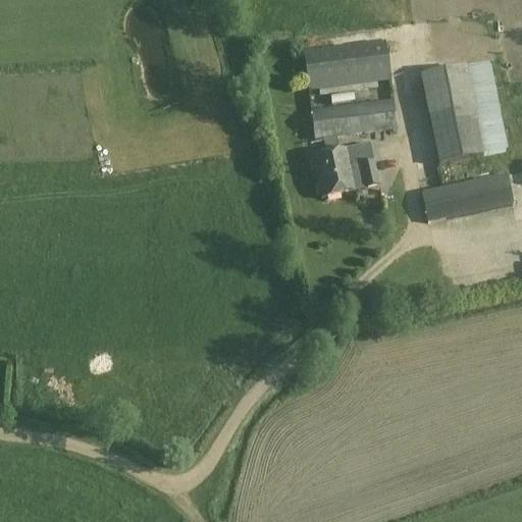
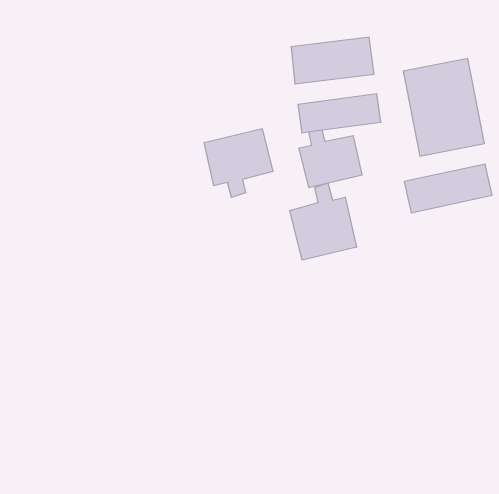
building: none -> [204,129,273,197]
building: none -> [290,183,356,260]

